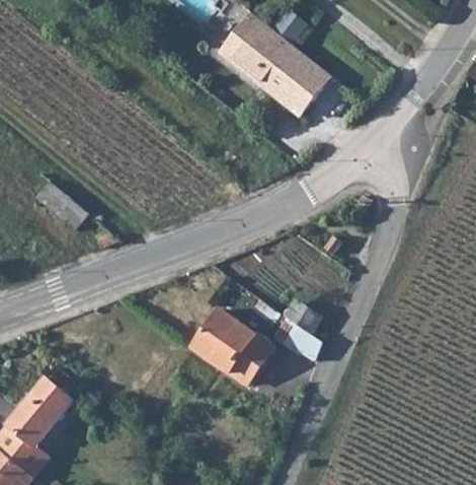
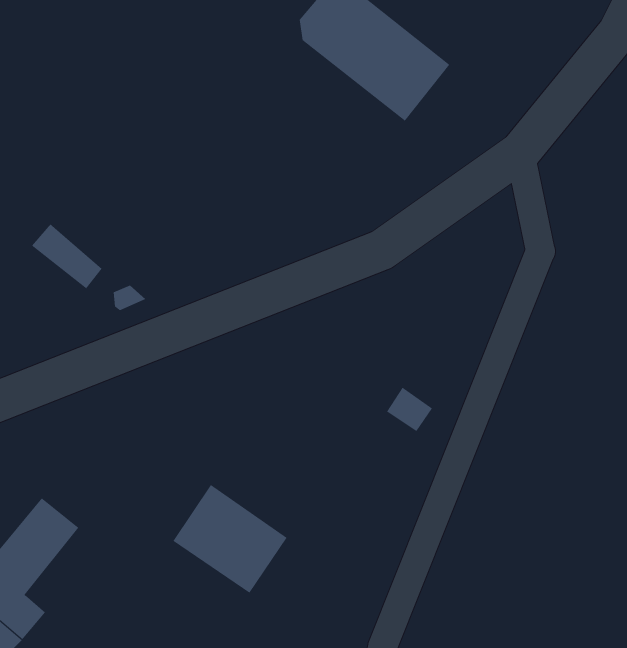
building: [192,308,272,385] -> [173,484,288,593]
building: [272,318,322,360] -> none

